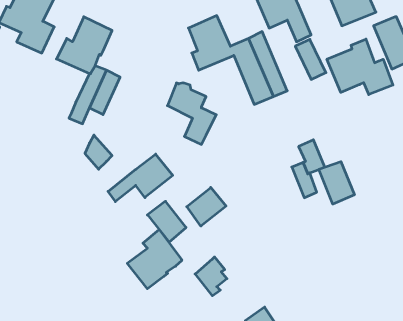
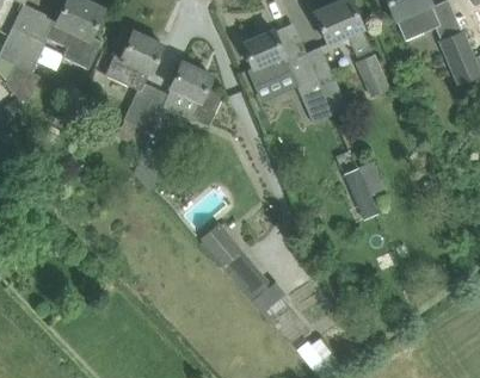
building: [327,39,393,95] -> none
building: [167,83,216,144] -> [171,61,222,125]
building: [108,154,173,202] -> none
building: [319,162,354,204] -> none
building: [187,187,226,226] -> none
building: [127,230,182,289] -> none

